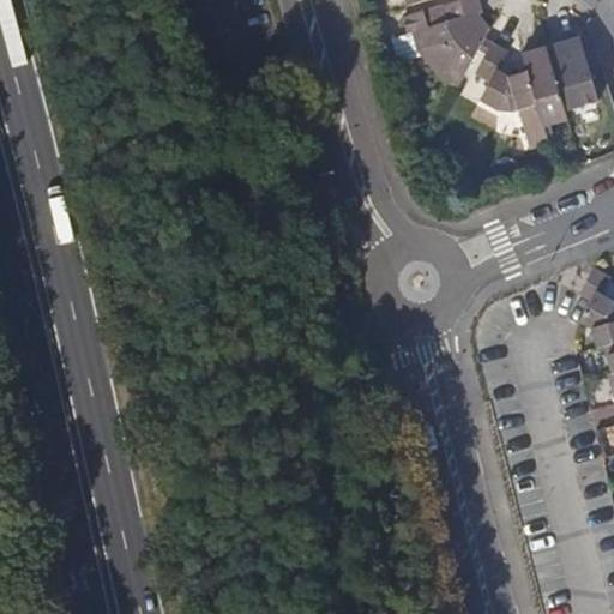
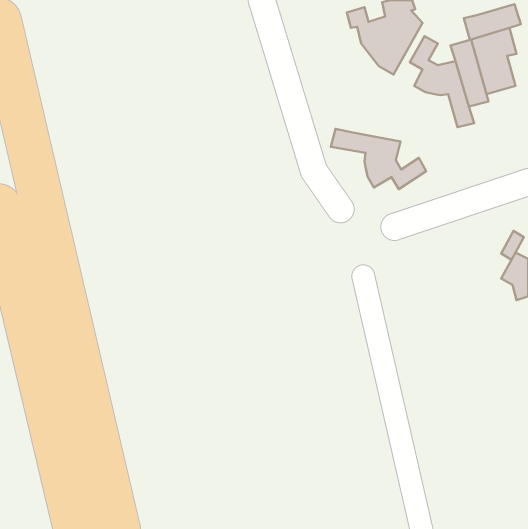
building: none -> [464,4,521,40]
building: none -> [331,129,426,189]

